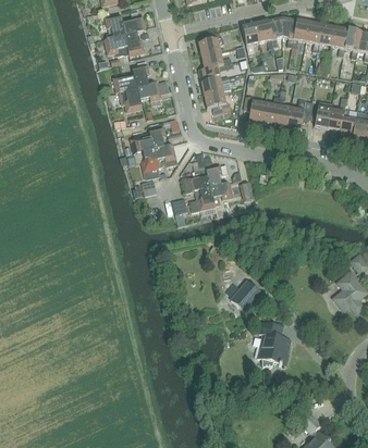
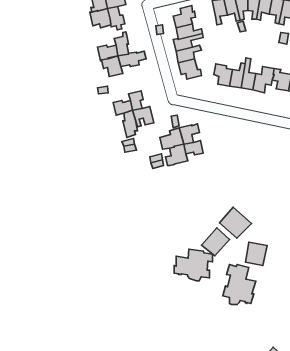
building: none -> [219,207,251,238]
building: none -> [246,242,267,265]
building: none -> [174,249,213,281]

